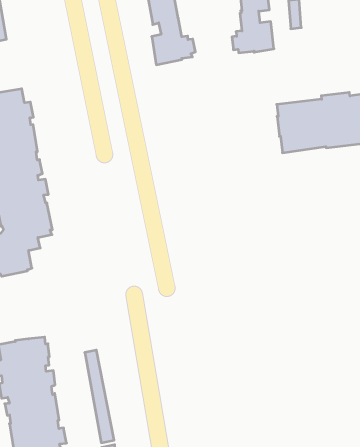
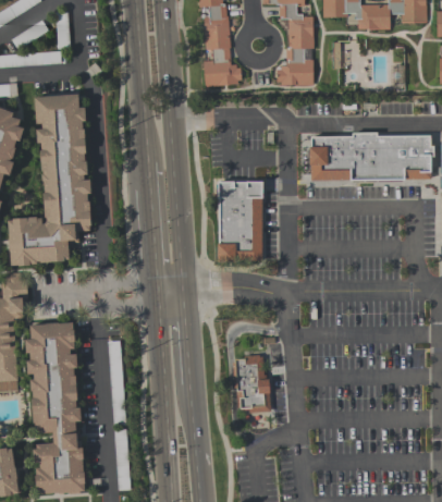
building: none -> [218,182,262,262]
building: none -> [232,355,271,413]

